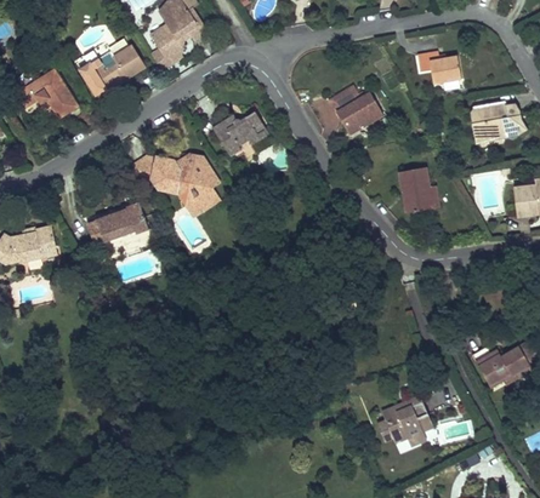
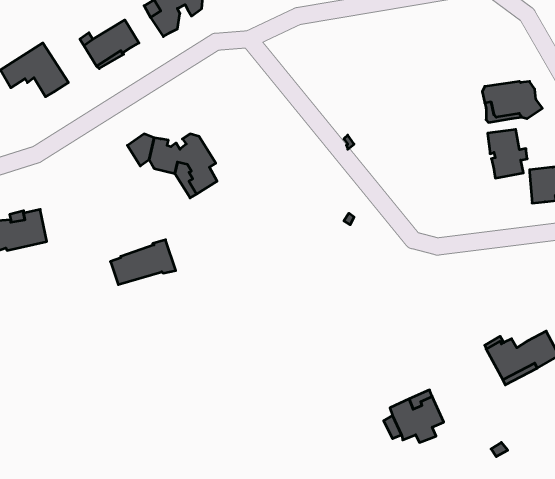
building: [428,51,462,82] -> none
building: [328,85,382,134] -> none
building: [212,110,269,156] -> none
building: [398,167,436,213] -> [488,129,527,178]
building: [87,201,149,244] -> [110,240,176,285]

